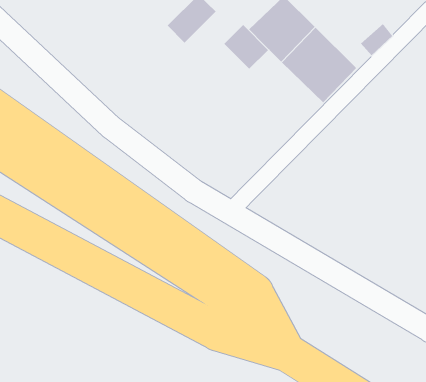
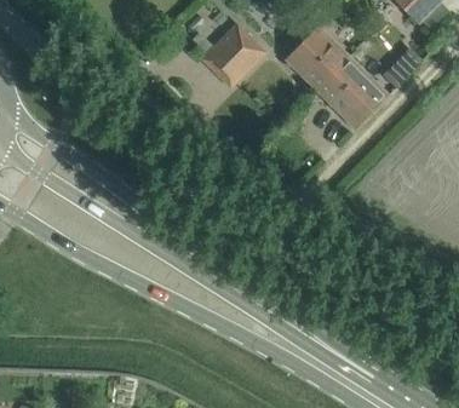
building: [223,24,269,70] -> none

